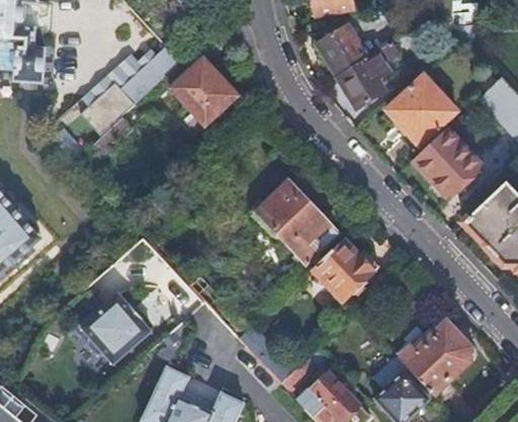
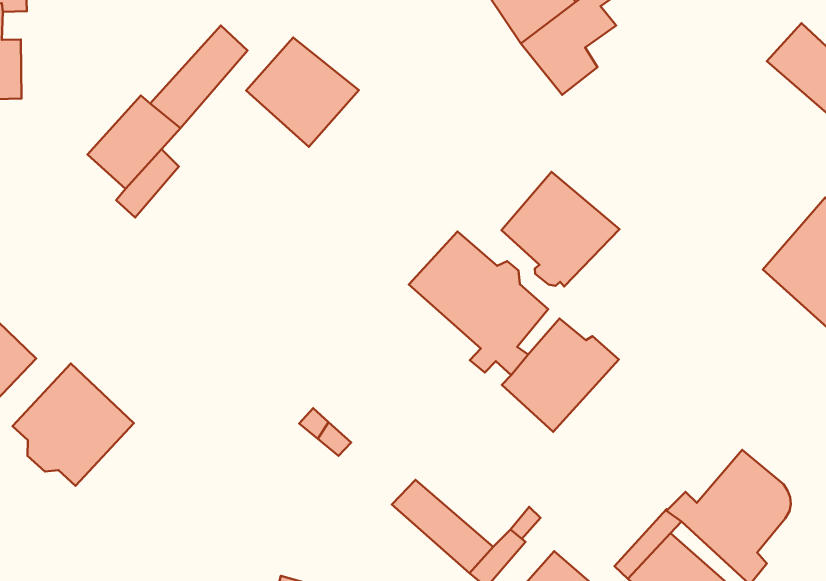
building: [388,74,457,141] -> none
building: [415,125,484,193] -> [502,172,619,287]
building: [78,287,149,359] -> [13,363,134,486]

